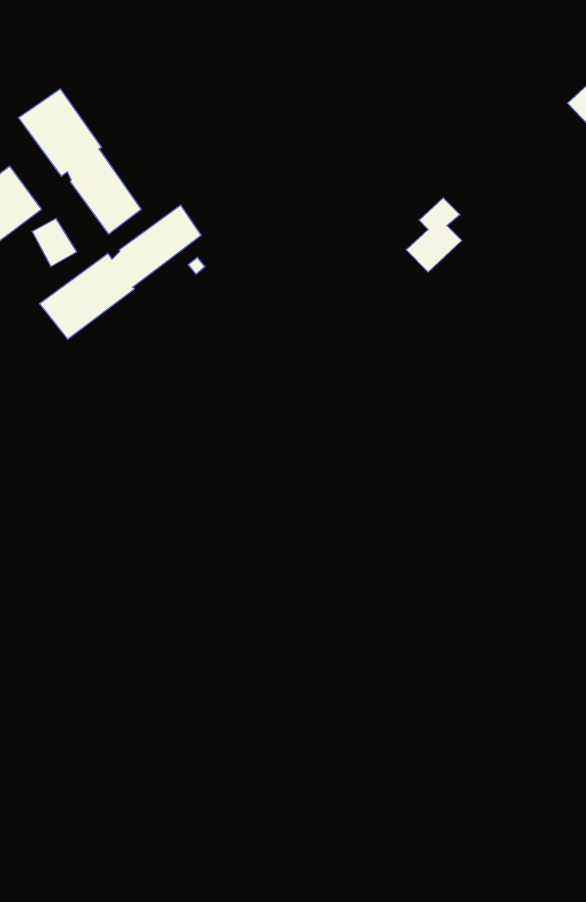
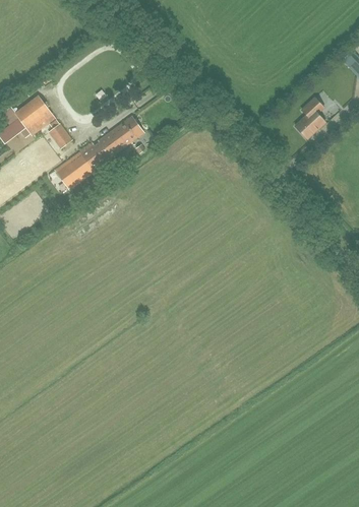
building: [19,89,141,234] -> none
building: [406,198,462,272] -> [294,98,324,138]

